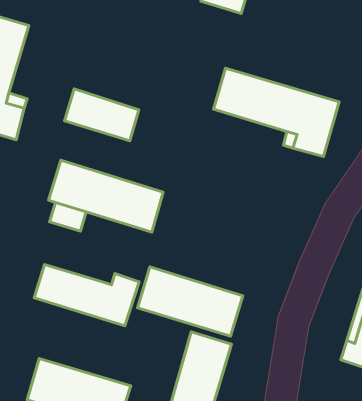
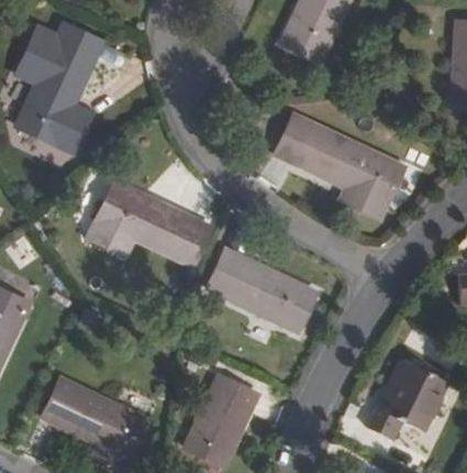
building: [65,89,139,141] -> none
building: [34,264,139,326] -> none
building: [138,267,243,336] -> [207,249,314,331]

